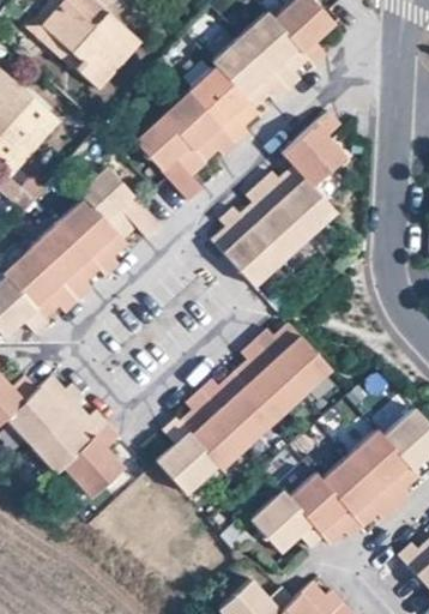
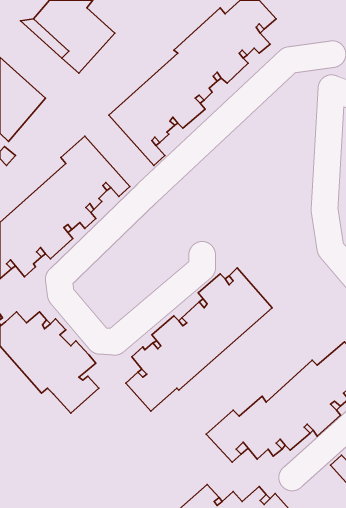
building: [211,110,345,285] -> none

